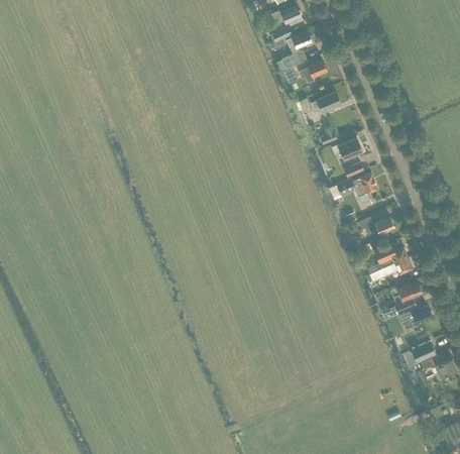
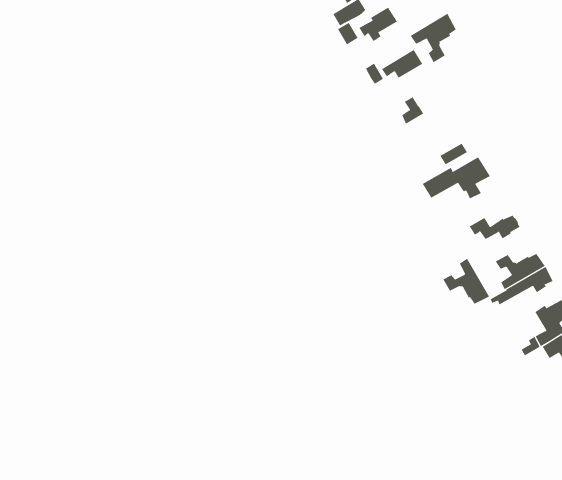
building: none -> [410,13,457,63]
building: [331,137,362,159] -> none
building: none -> [442,258,490,305]

